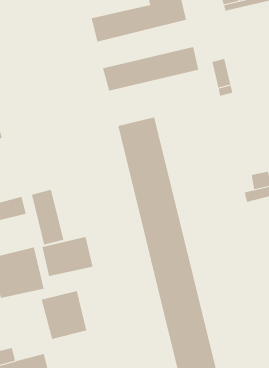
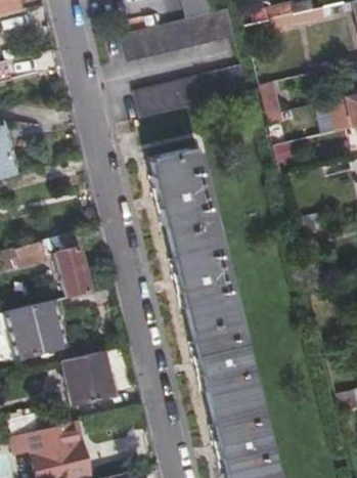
building: [42,236,93,277] -> none

